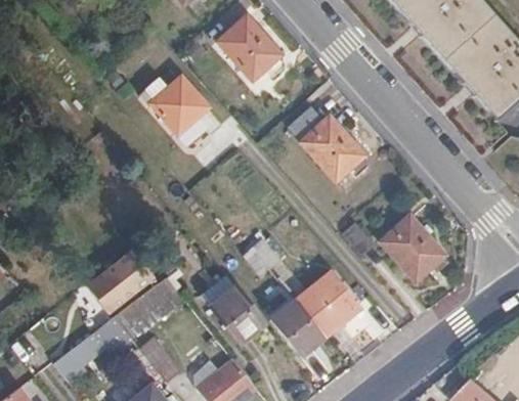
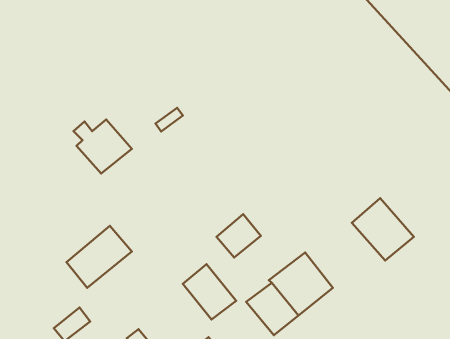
building: [220,16,283,79] -> none
building: [144,73,205,129] -> [73,119,132,174]
building: [296,112,365,180] -> none
building: [110,274,183,341] -> none

